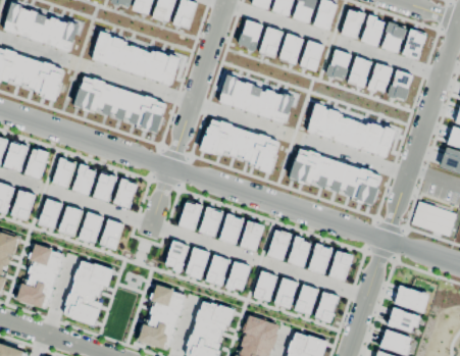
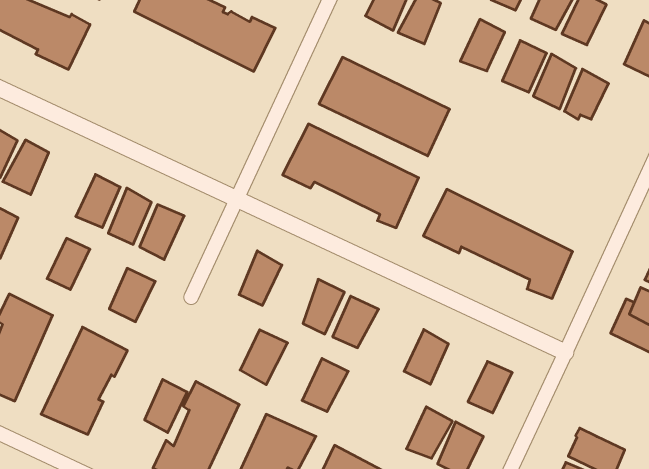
building: [380,20,406,53] -> none
building: [276,33,303,63] -> none
building: [387,69,412,101] -> none
building: [72,74,168,136] -> none
building: [306,101,396,159] -> none
building: [51,156,76,189] -> none
building: [36,196,63,230] -> none
building: [198,205,223,240] -> none
building: [78,211,104,244] -> none
building: [266,228,292,260] -> none
building: [164,240,189,272] -> [145,379,187,433]
building: [306,242,333,274] -> none
building: [203,253,229,287] -> none
building: [253,270,276,302] -> none
building: [272,277,298,309] -> none

